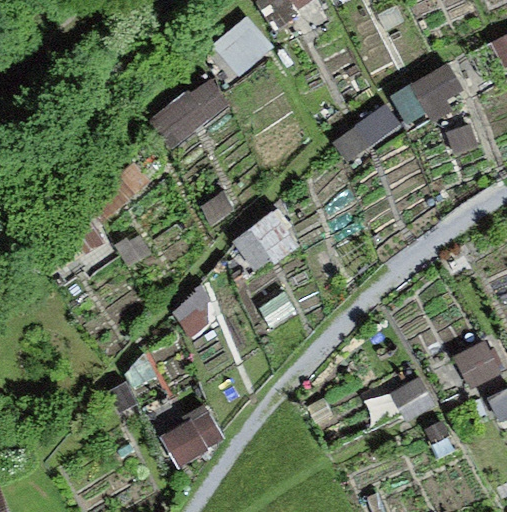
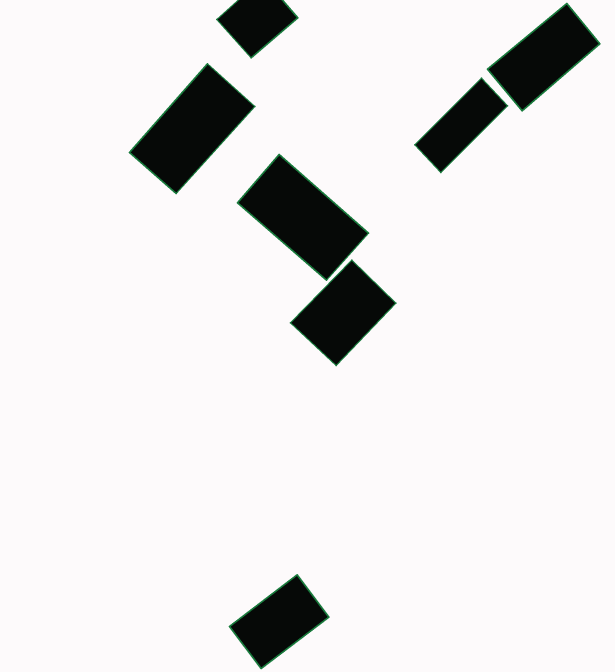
building: none -> [237,154,368,280]

